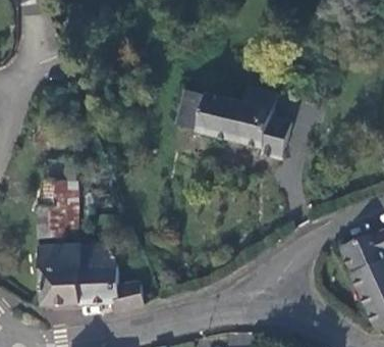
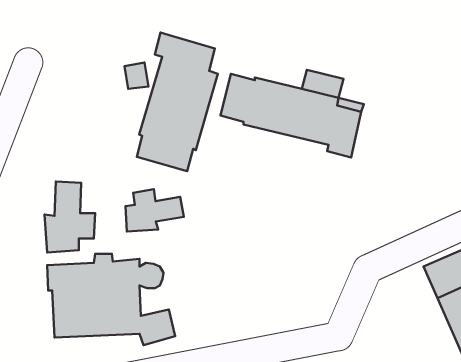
building: none -> [137,32,218,171]
building: none -> [125,189,184,231]

